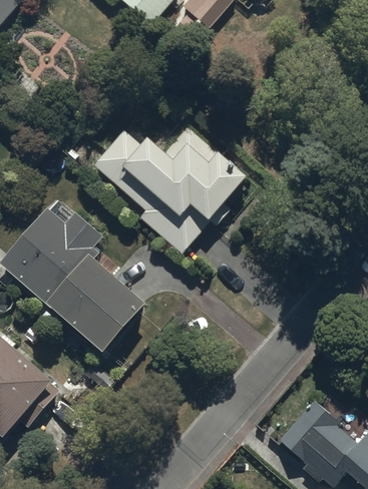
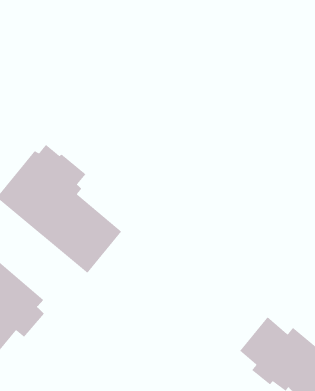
building: [92,125,246,253] -> none

